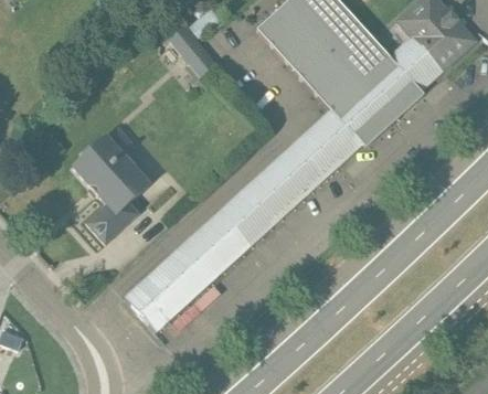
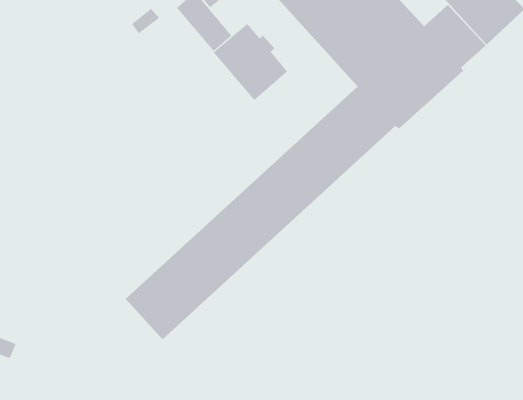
building: none -> [213,23,288,101]
building: [70,126,150,244] -> none

